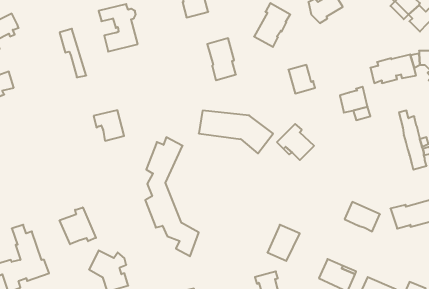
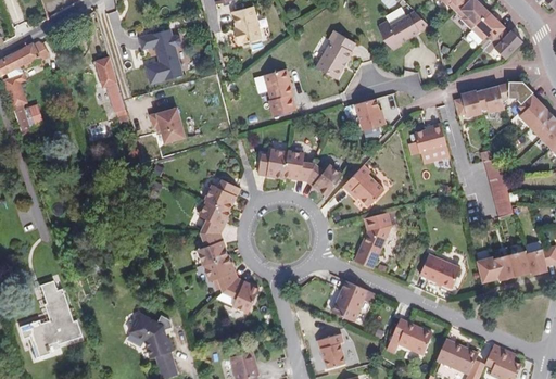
building: [94,110,124,141] -> [151,108,186,142]
building: none -> [354,211,392,268]
building: [60,207,96,244] -> none

